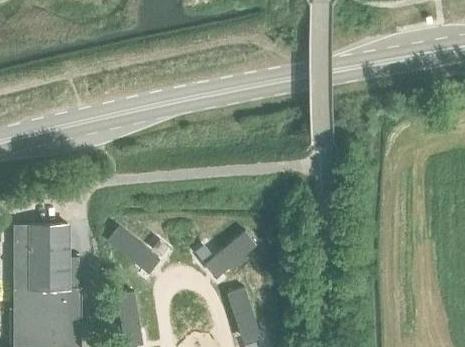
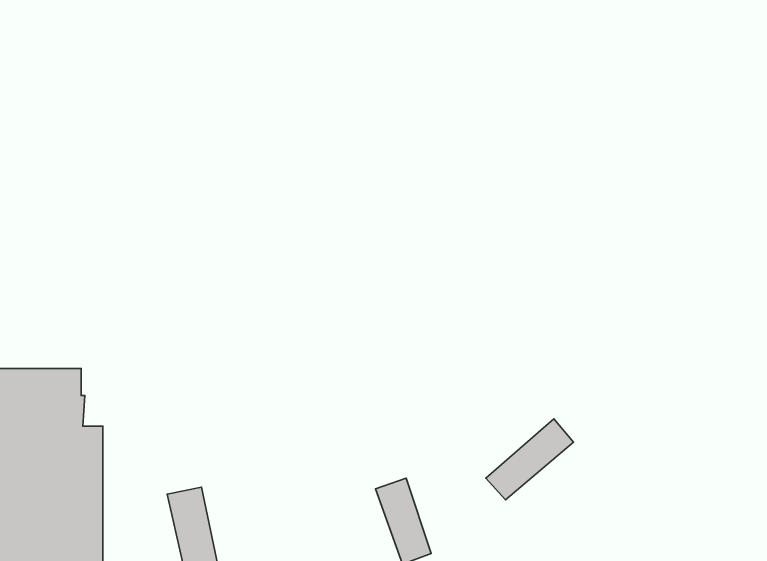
building: [107,226,163,272] -> none
building: [209,231,258,276] -> [486,419,574,500]

